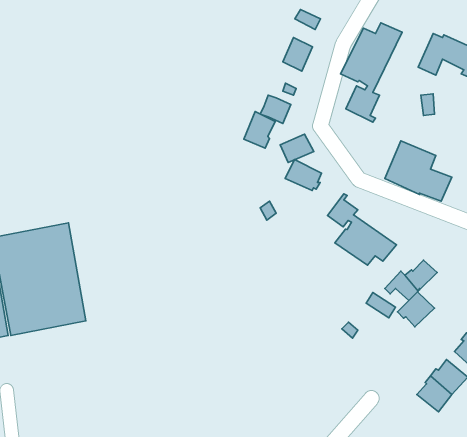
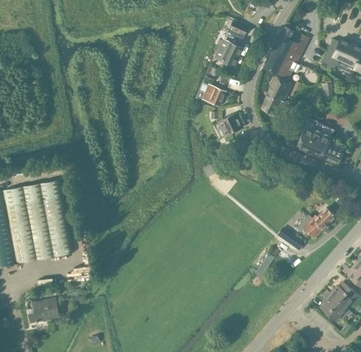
building: [244,112,275,148] -> none
building: [285,160,321,191] -> [260,95,287,118]
building: [327,194,397,265] -> none
building: [398,292,435,327] -> none
building: none -> [26,299,58,322]

